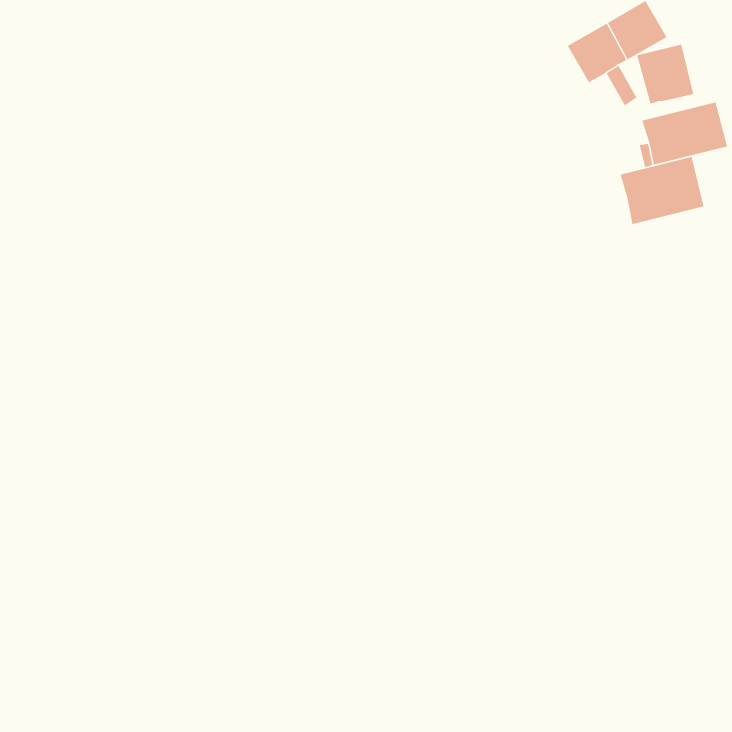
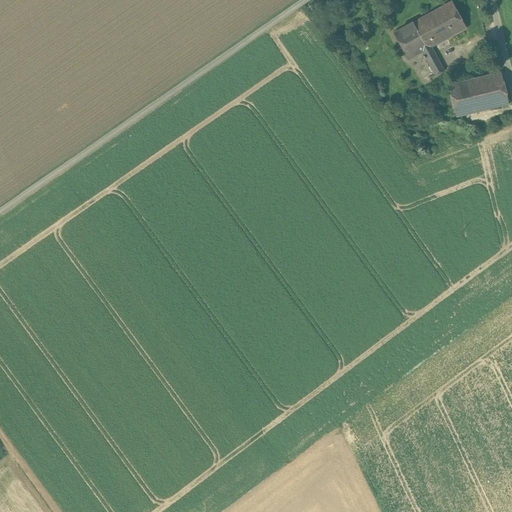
building: [637,44,694,105] -> none
building: [620,156,704,225] -> none

